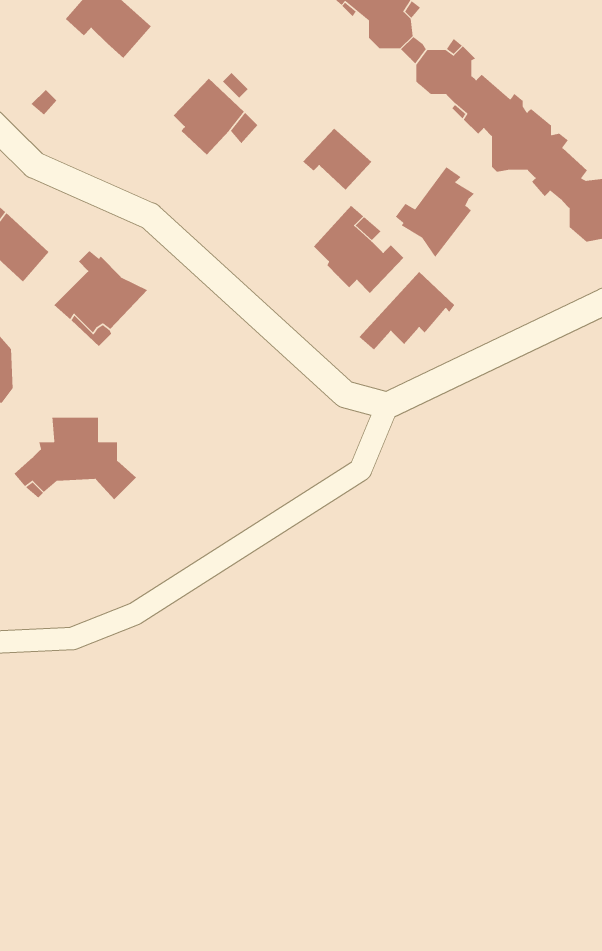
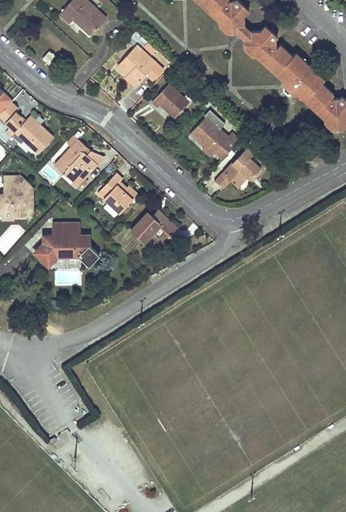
building: [302,128,372,190] -> [152,84,189,117]
building: [395,166,475,258] -> none
building: none -> [97,173,137,214]
building: none -> [131,210,177,245]

